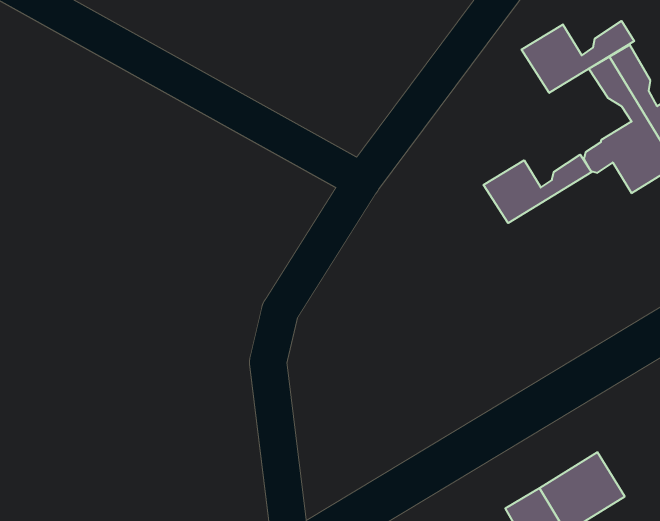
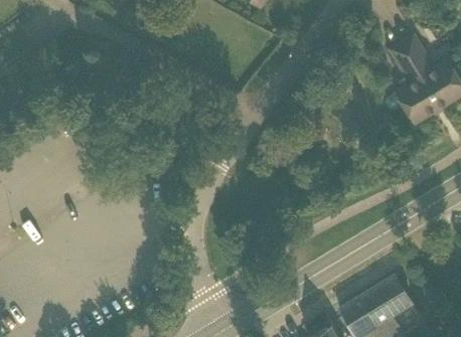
building: [522,21,634,93] -> none
building: [484,155,591,223] -> none

